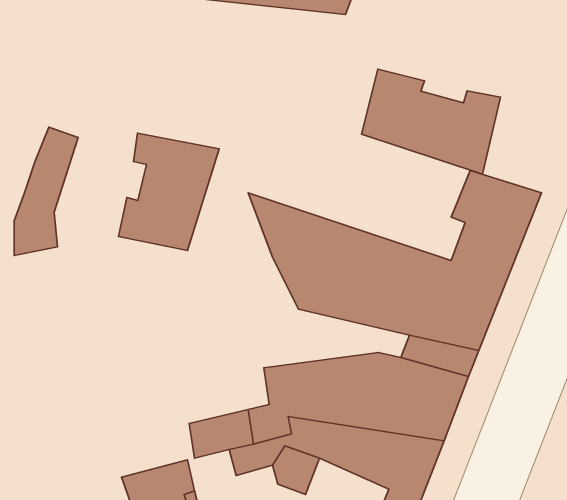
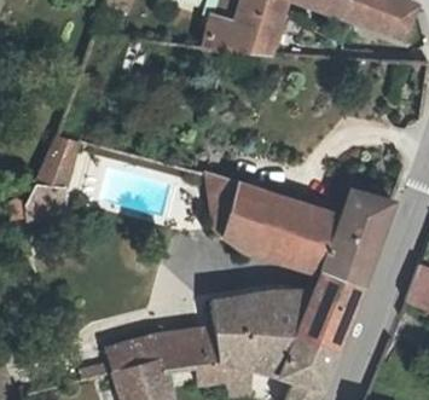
building: [362,69,501,174] -> none
building: [118,133,219,251] -> none
building: none -> [102,334,160,371]

